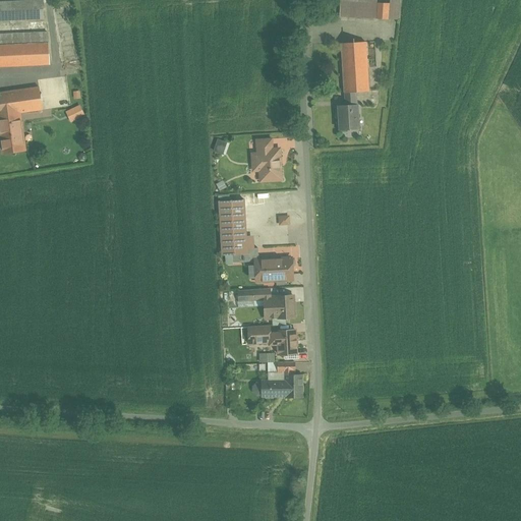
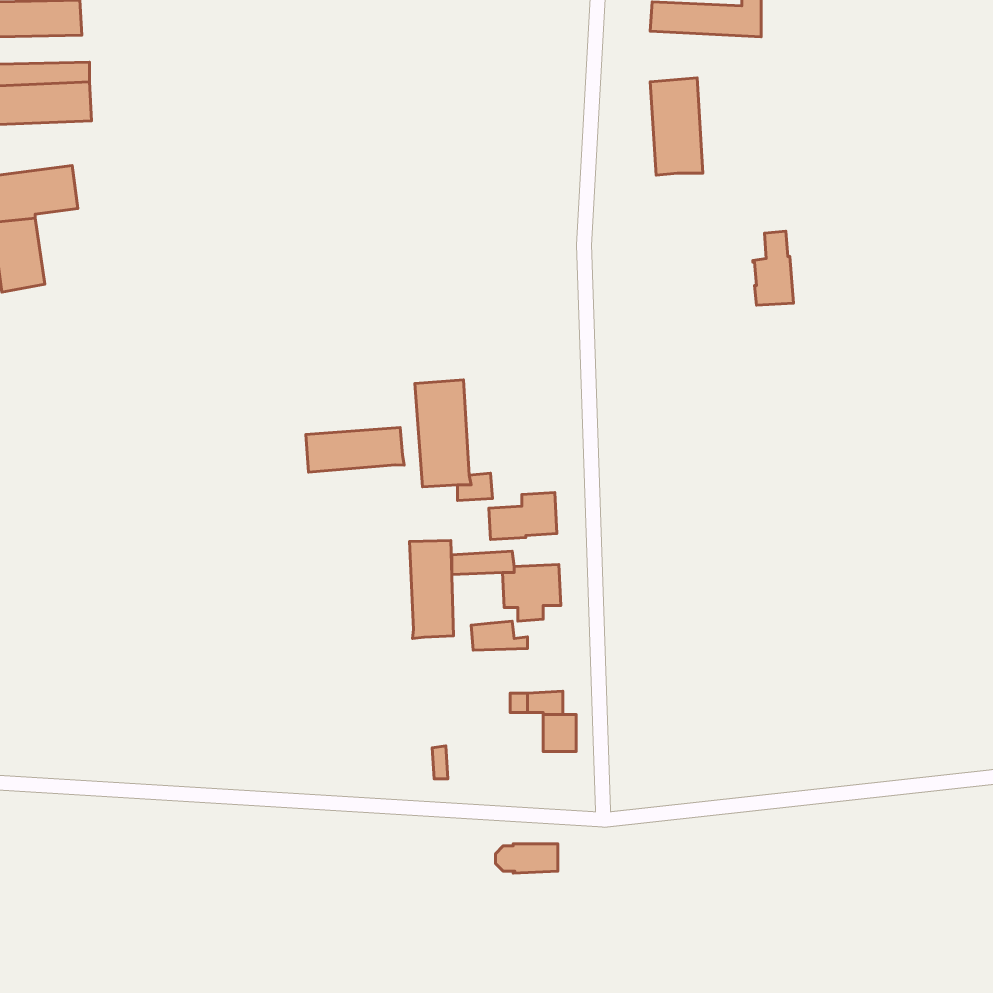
building: [337,91,358,129] -> [753,231,794,305]
building: [251,138,279,179] -> none
building: none -> [306,428,404,472]
building: none -> [410,540,454,639]
building: [275,329,295,353] -> none
building: [251,381,284,396] -> [496,844,558,873]

